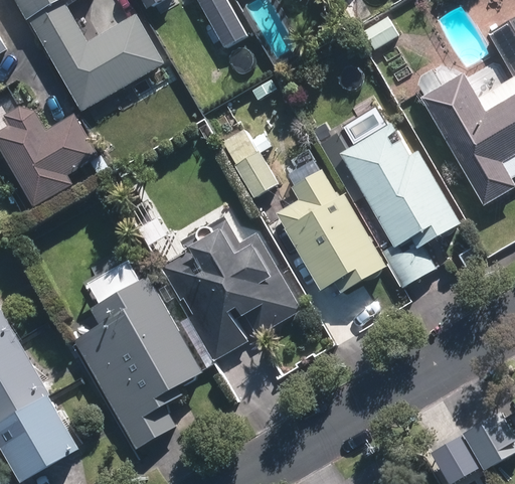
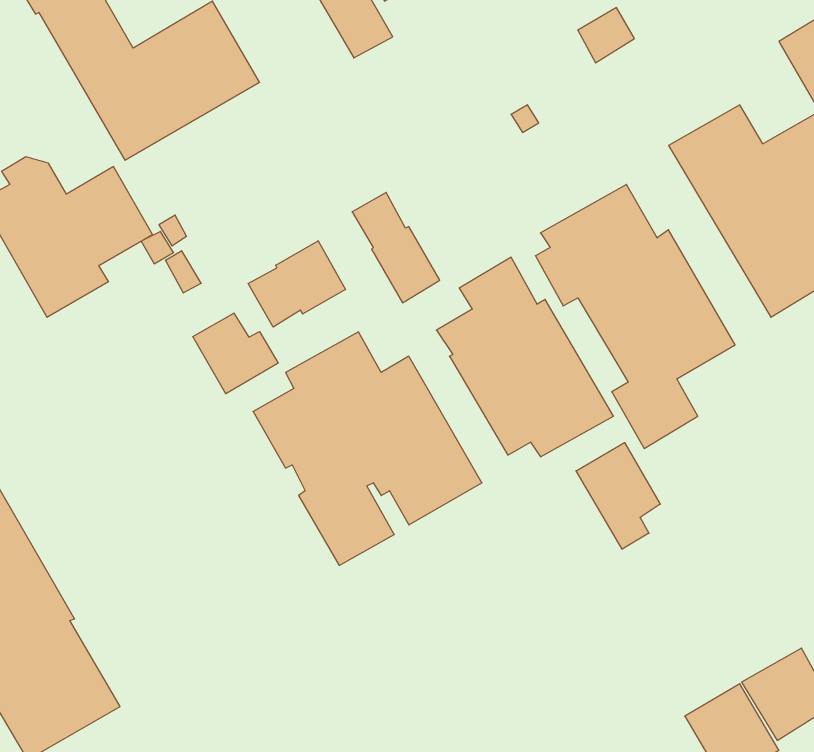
building: none -> [248,241,345,327]
building: none -> [193,313,278,394]
building: [73,276,202,448] -> none
building: none -> [576,443,660,549]

